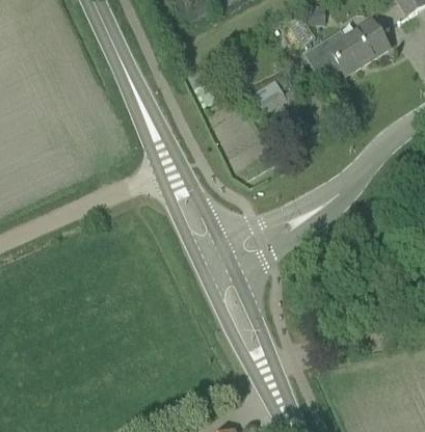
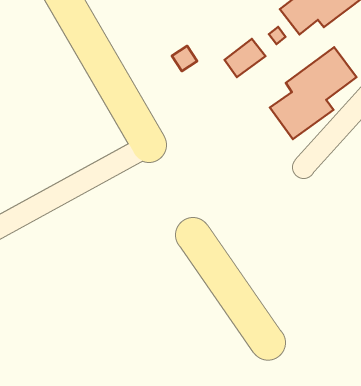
building: none -> [270,47,356,139]

